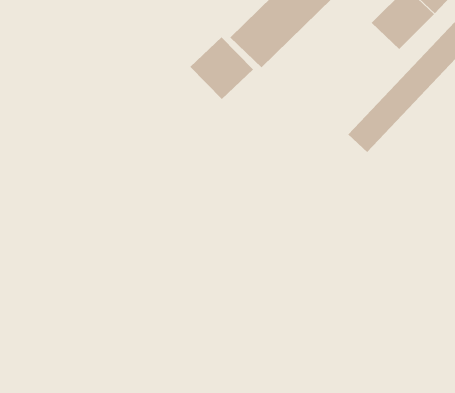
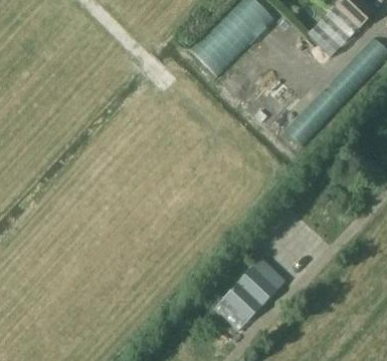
building: [189,36,254,100] -> none
building: none -> [206,261,285,333]

